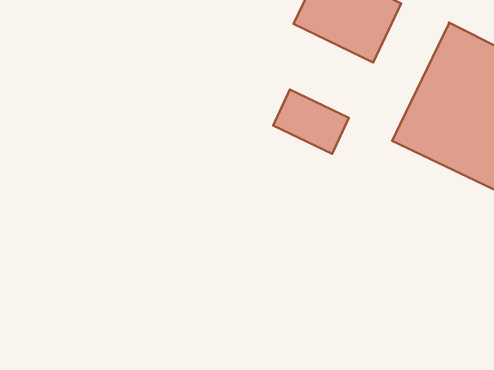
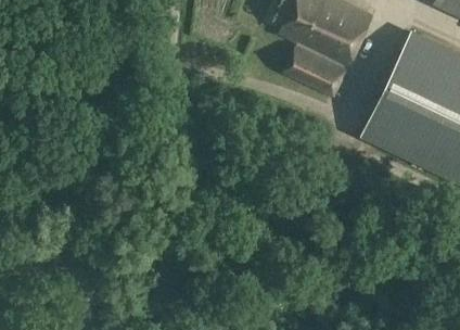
building: [273,89,349,154] -> [282,45,346,99]

